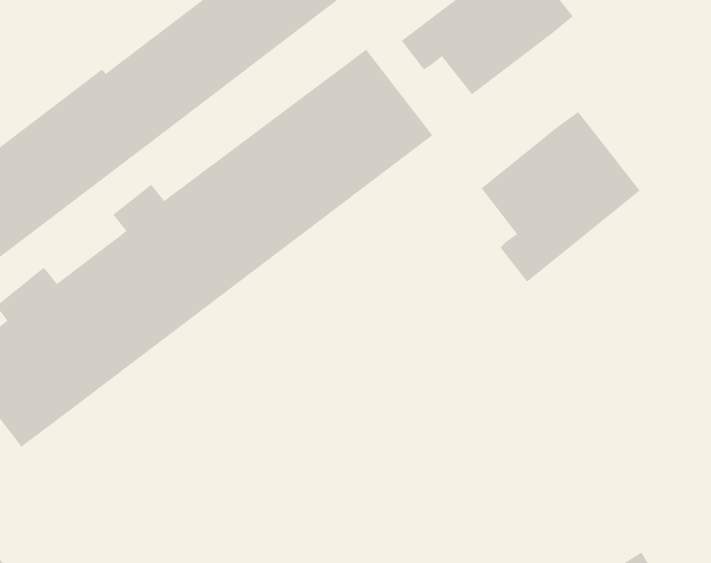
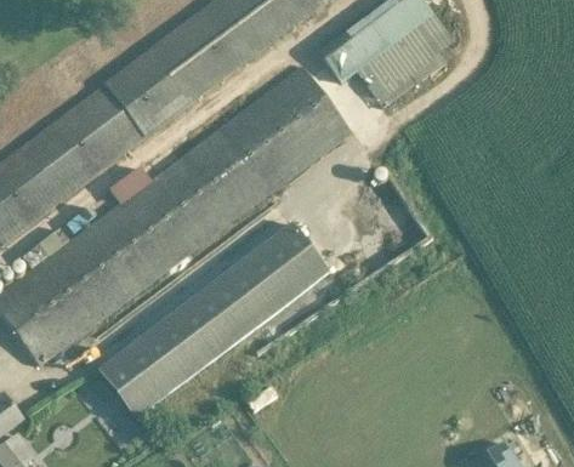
building: [480,111,640,283] -> none
building: none -> [98,224,329,418]

